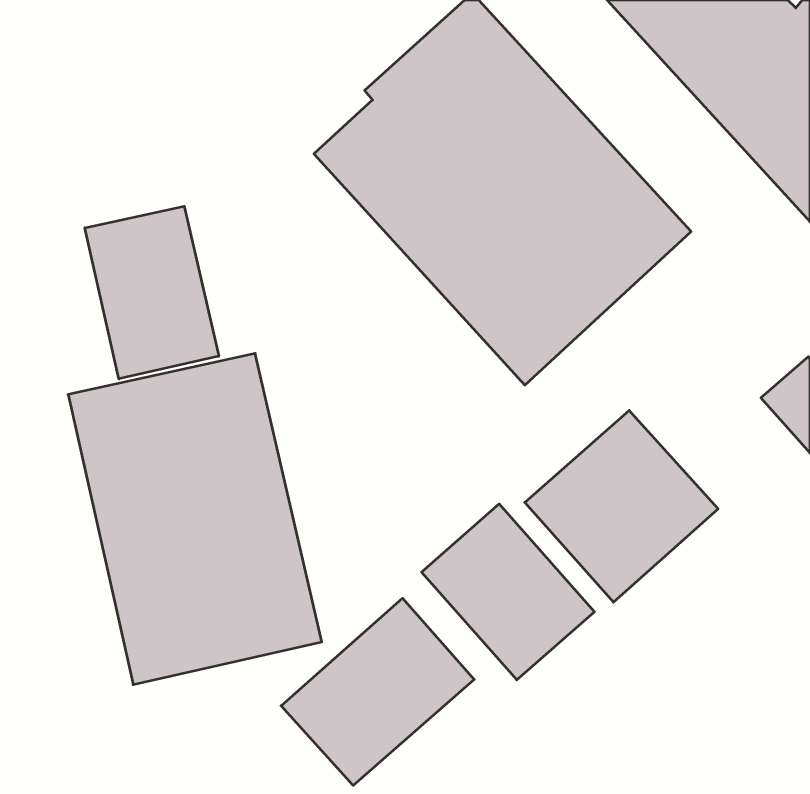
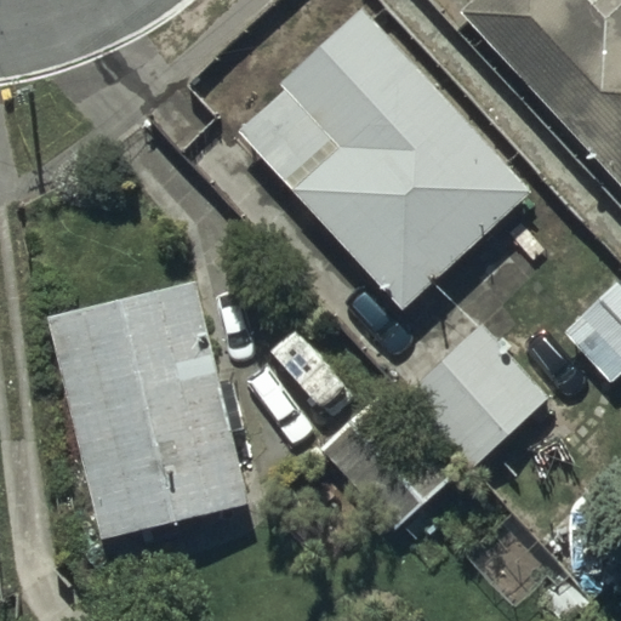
building: [85,206,219,379] -> none
building: [281,598,474,785] -> none

